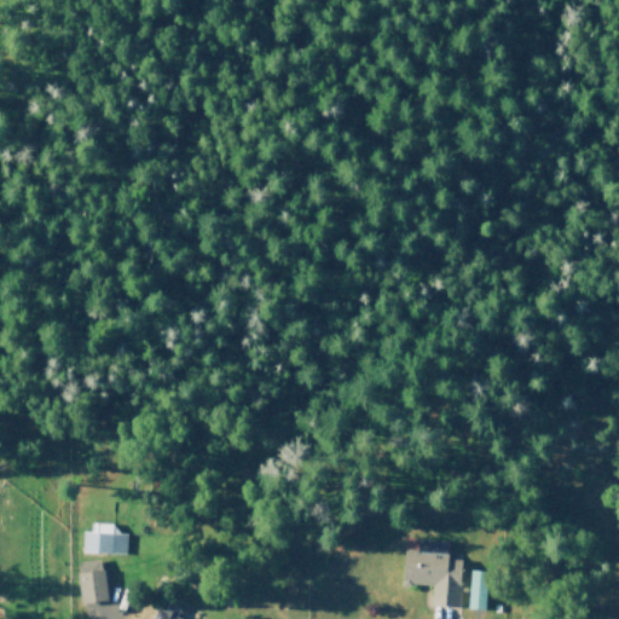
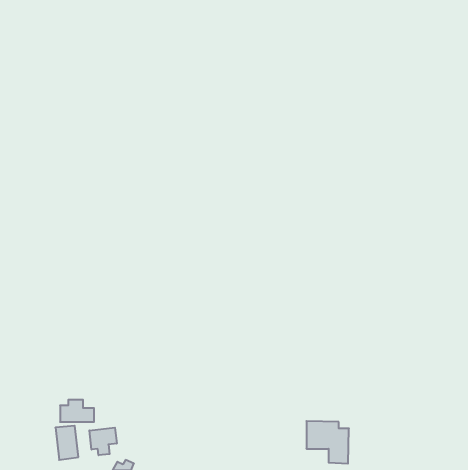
building: none -> [89,428,117,455]
building: [469,571,488,611] -> none

